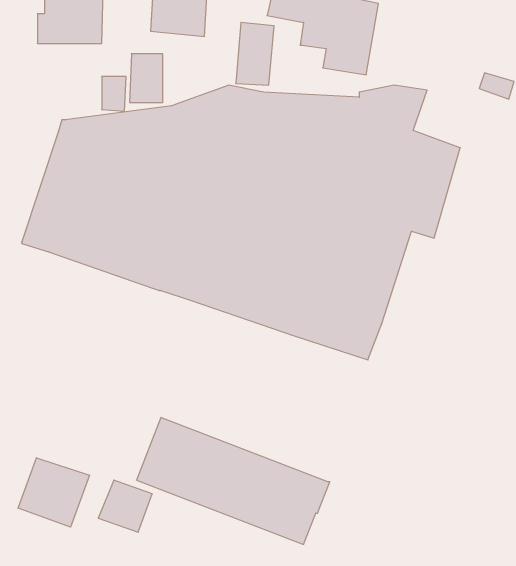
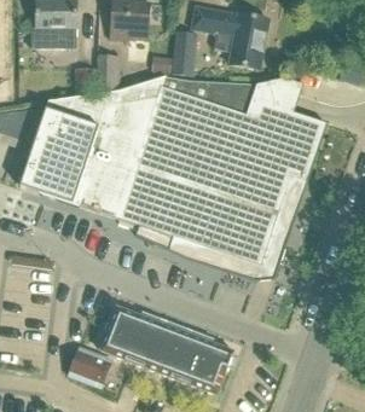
building: [18,458,89,527] -> none

